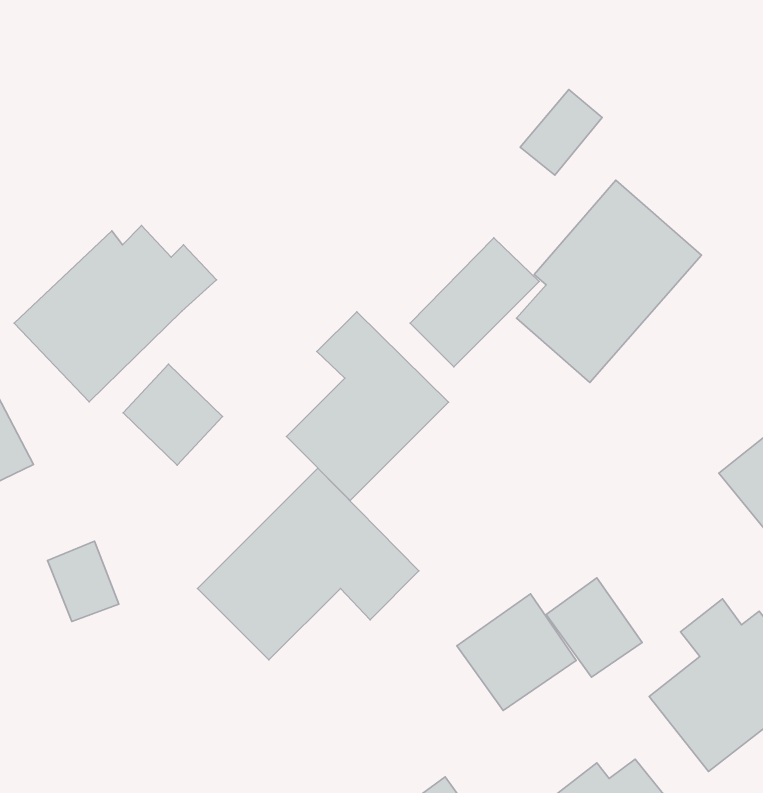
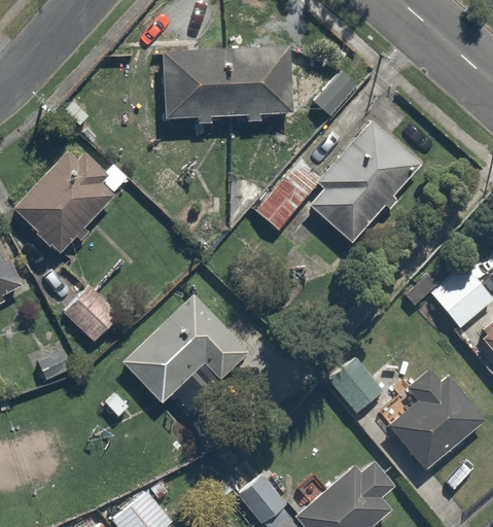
building: none -> [160,45,294,120]
building: [286,312,449,500] -> none
building: [123,364,223,465] -> [62,283,120,343]
building: [457,594,576,710] -> none

